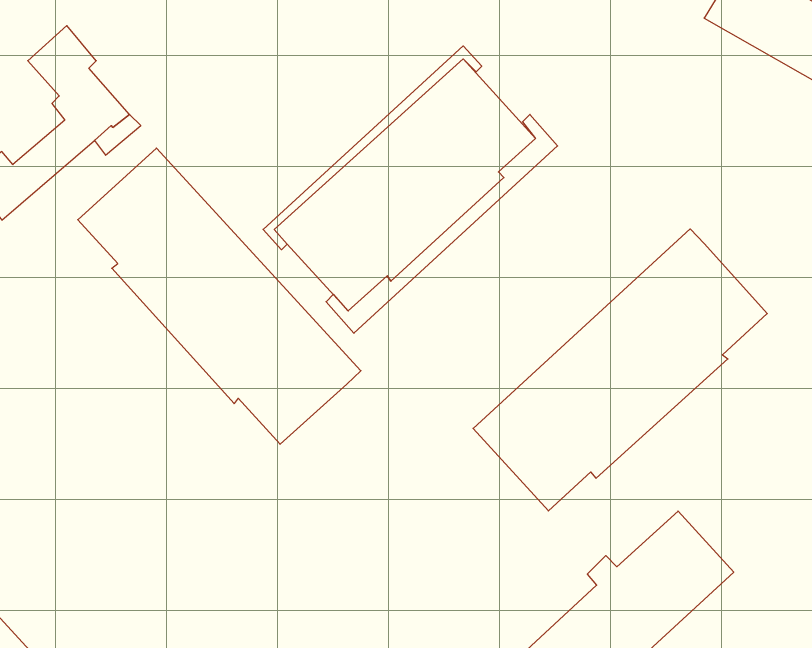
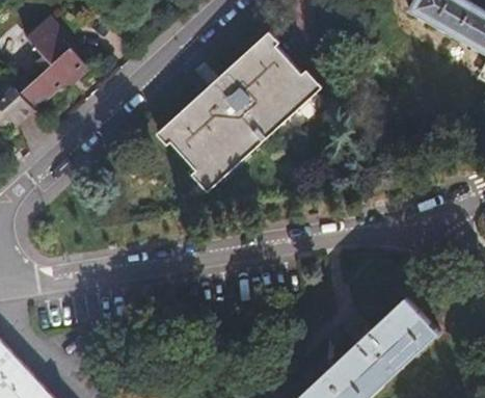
building: [78,148,361,444] -> none
building: [473,229,767,511] -> none

